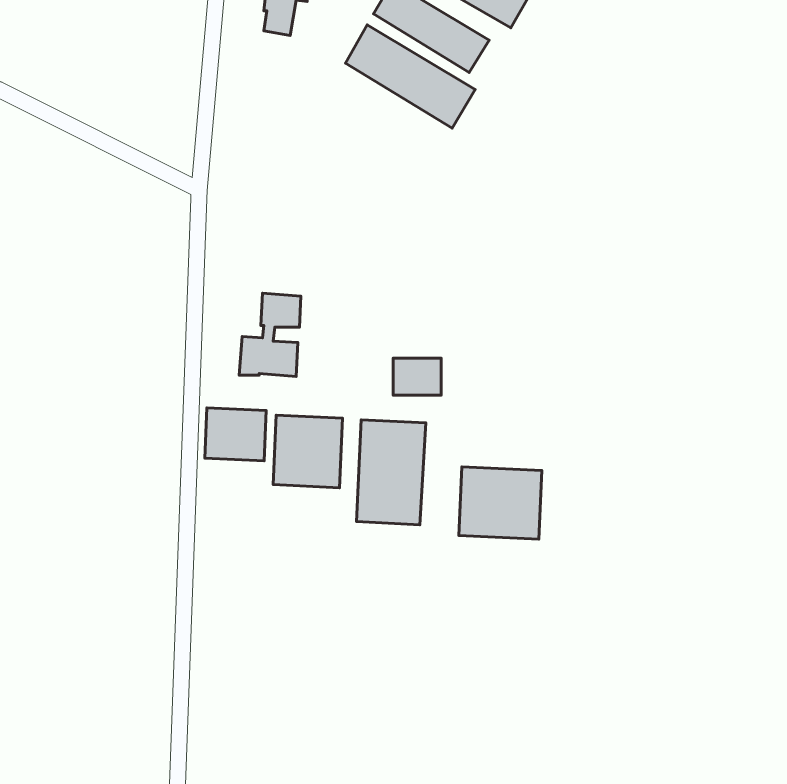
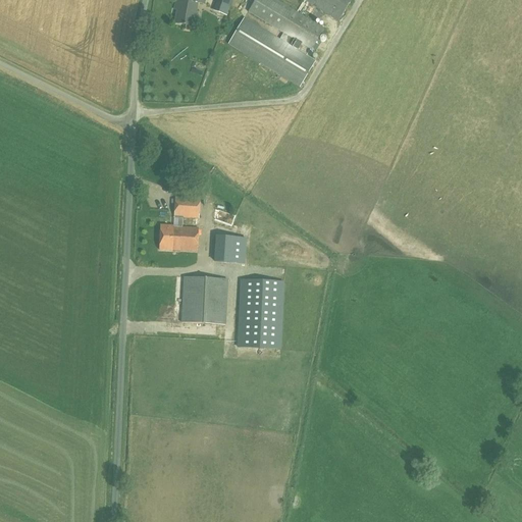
building: [393,358,441,395] -> [217,233,249,258]
building: [205,408,266,461] -> none
building: [459,467,542,539] -> none

